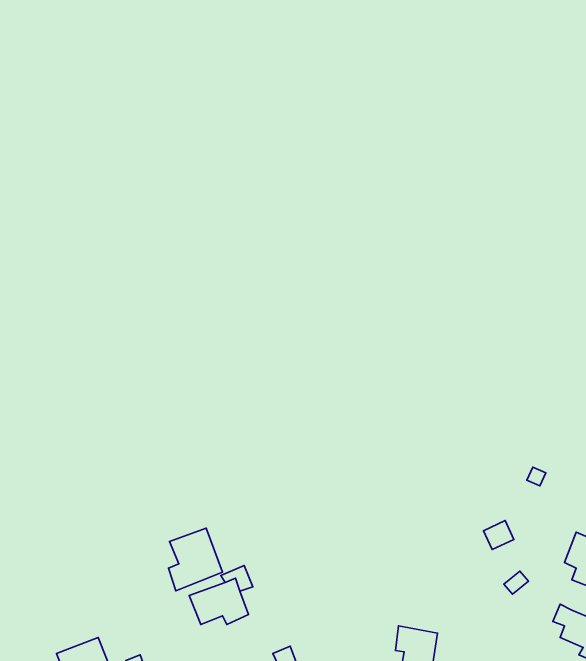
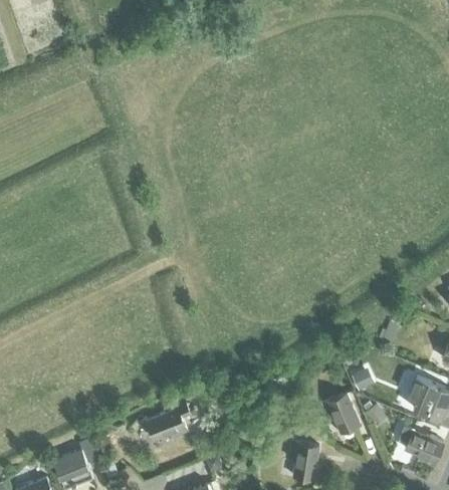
building: [168,528,223,591] -> none
building: none -> [322,394,361,434]

